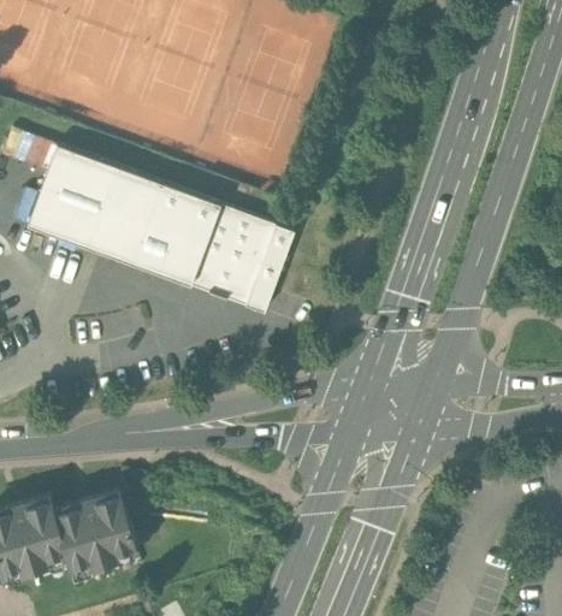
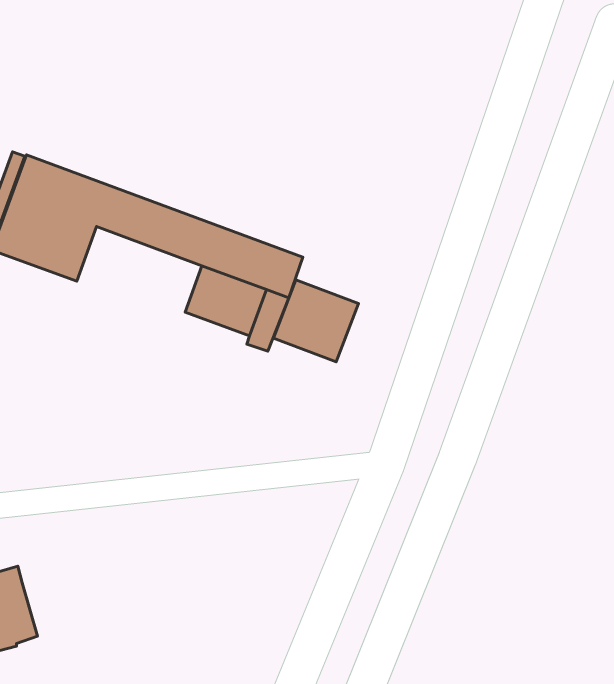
building: [100,207,207,288] -> none
building: none -> [274,280,358,362]
building: [53,493,137,573] -> none

